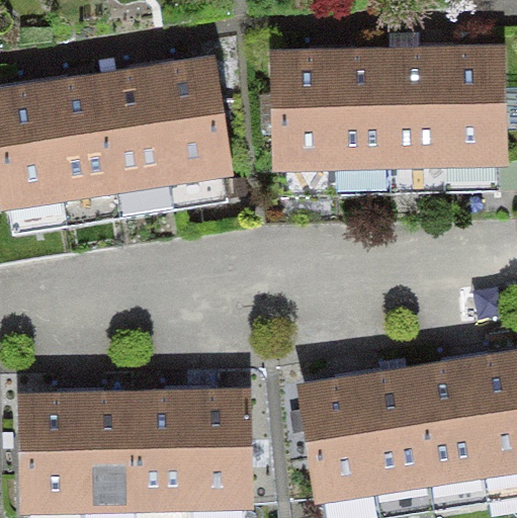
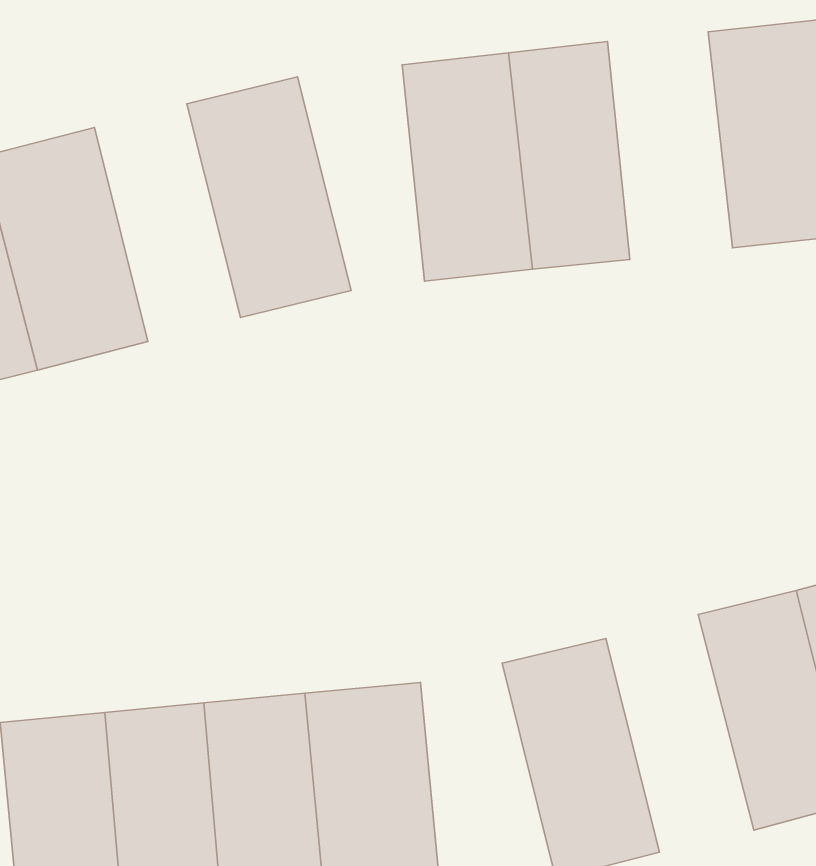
building: [382,48,442,169] -> none
building: [98,65,170,193] -> none
building: [356,366,429,495] -> none

